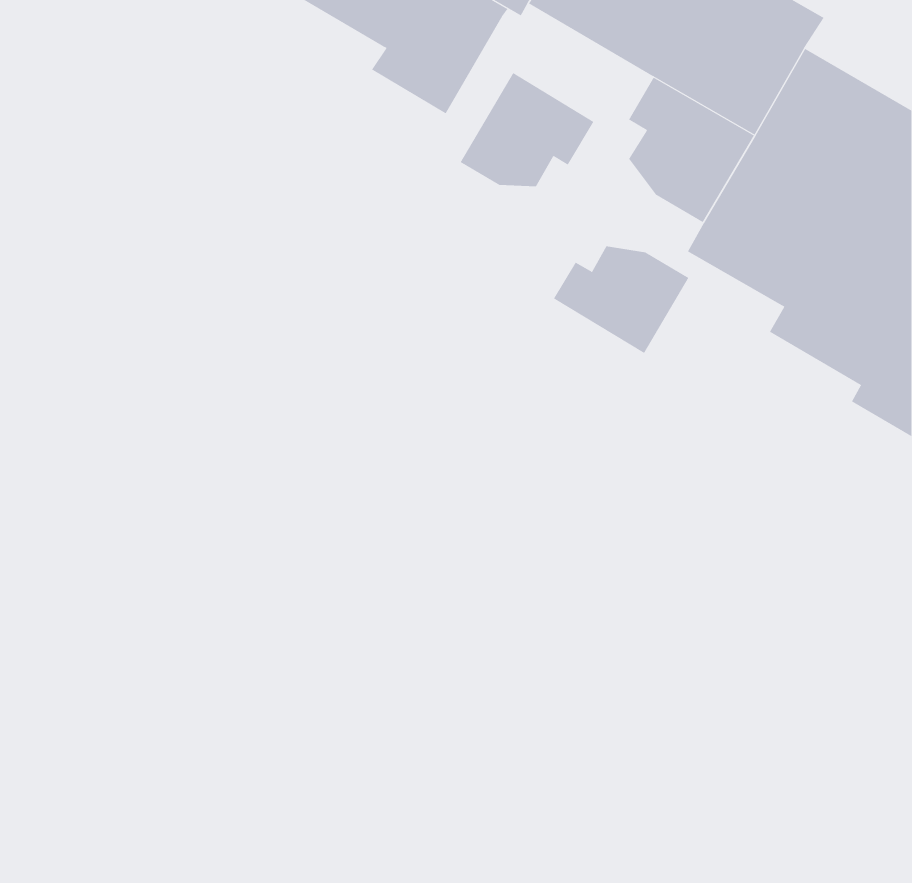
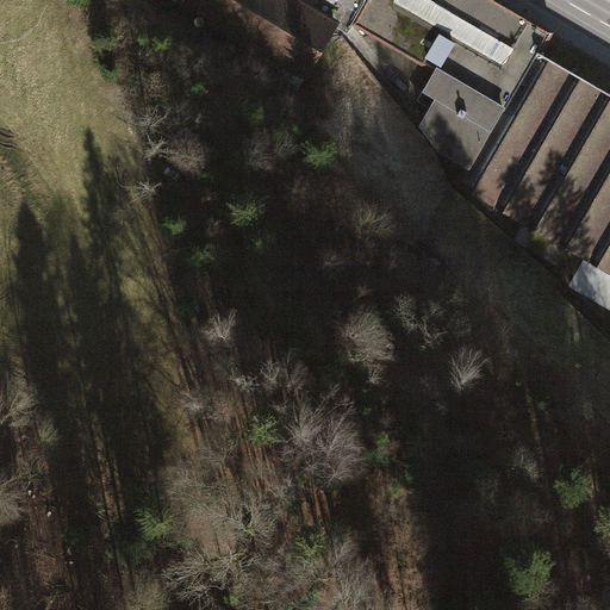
building: [460,72,594,187] -> none
building: [553,246,689,354] -> none

